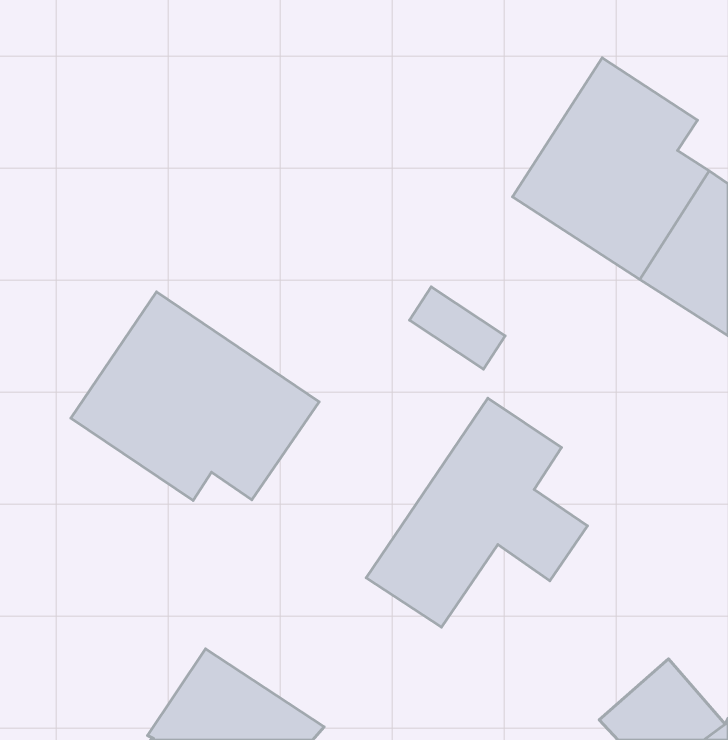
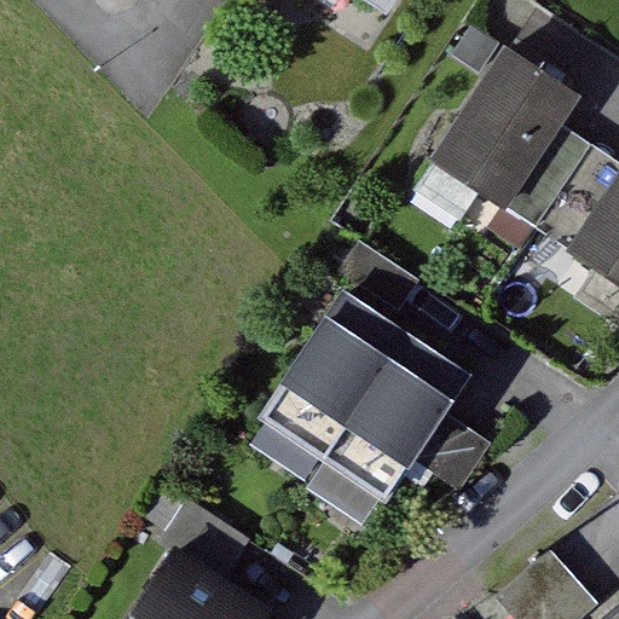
building: [71,292,319,501] -> none
building: none -> [245,291,407,482]

